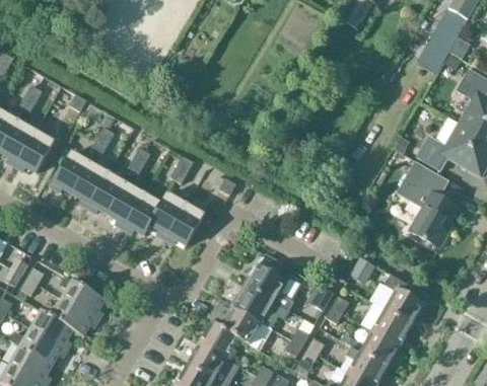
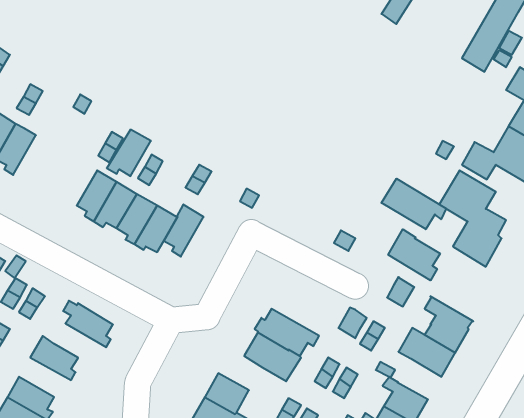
building: [15,131,54,172] -> none
building: [51,152,90,194] -> [107,130,151,176]
building: none -> [381,179,446,229]
building: [165,204,204,245] -> none
building: none -> [388,229,440,280]
building: [247,252,294,310] -> none
building: [52,299,98,336] -> none
building: [199,321,238,359] -> none
building: [10,329,67,365] -> none
building: [359,330,399,367] -> none

